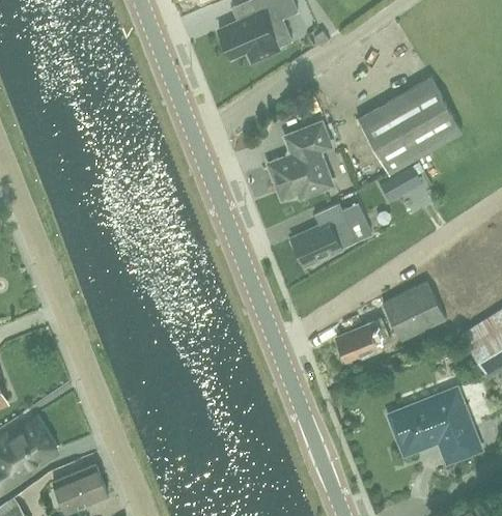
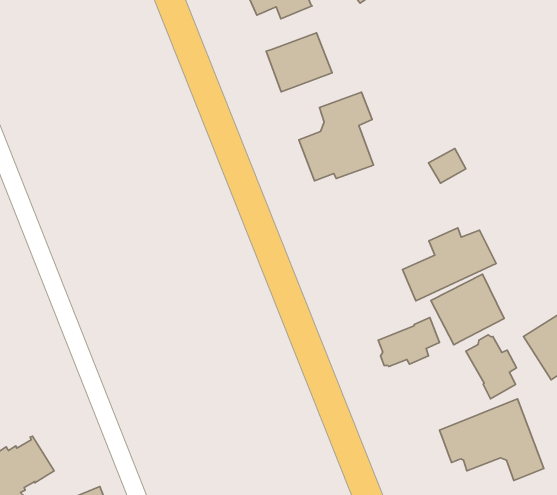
building: none -> [266,33,332,92]
building: [359,77,463,172] -> none
building: [291,203,372,266] -> [403,228,496,301]
building: none -> [466,335,516,399]

